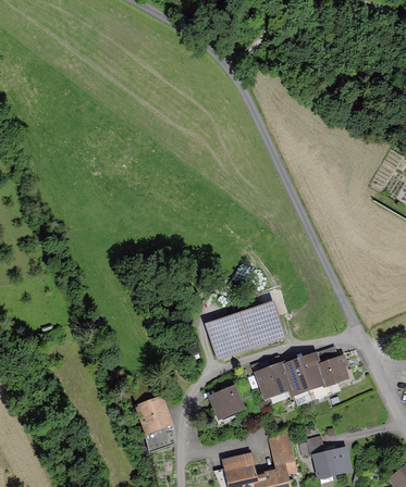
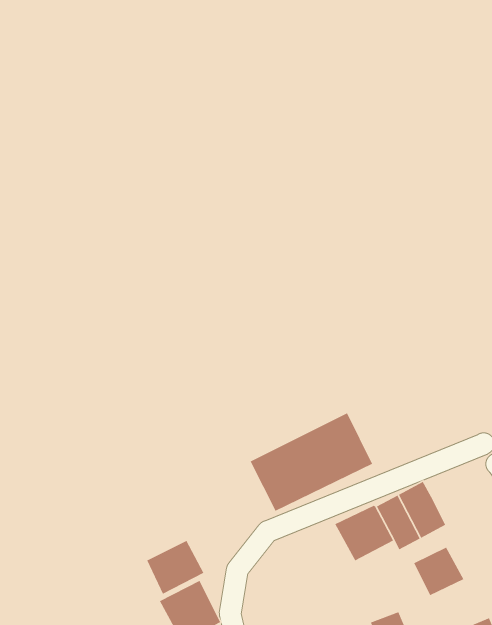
building: [319,355,350,386] -> [413,546,465,596]
building: none -> [146,540,205,595]
building: [208,385,245,419] -> none

